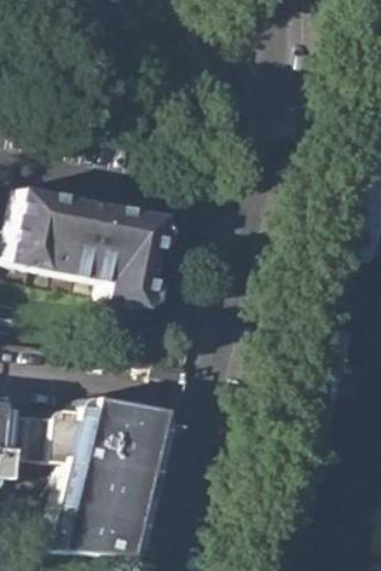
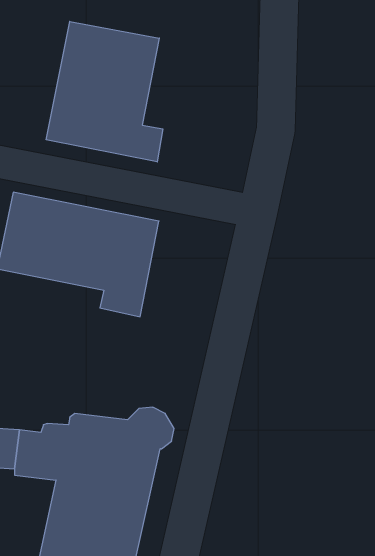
building: none -> [46,21,163,162]

